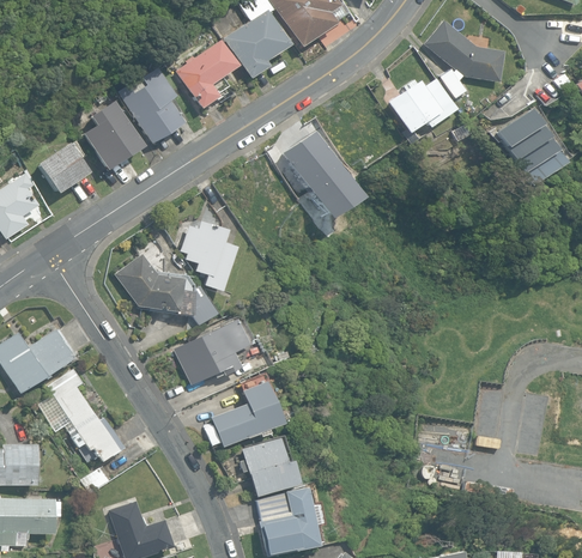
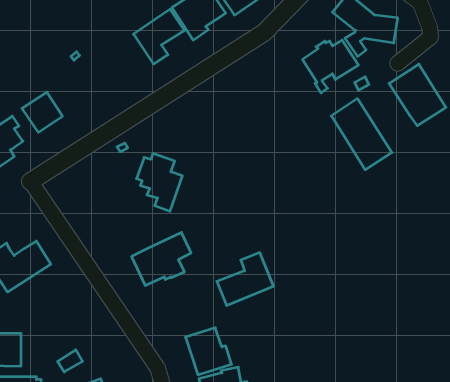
building: [120,68,184,144] -> none
building: [85,102,144,170] -> none
building: [283,132,358,220] -> [331,99,392,170]
building: [116,254,218,326] -> none
building: [38,369,125,461] -> none
building: [212,381,283,447] -> [217,253,273,305]

